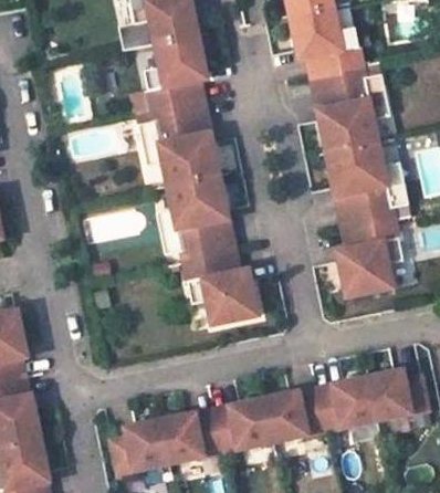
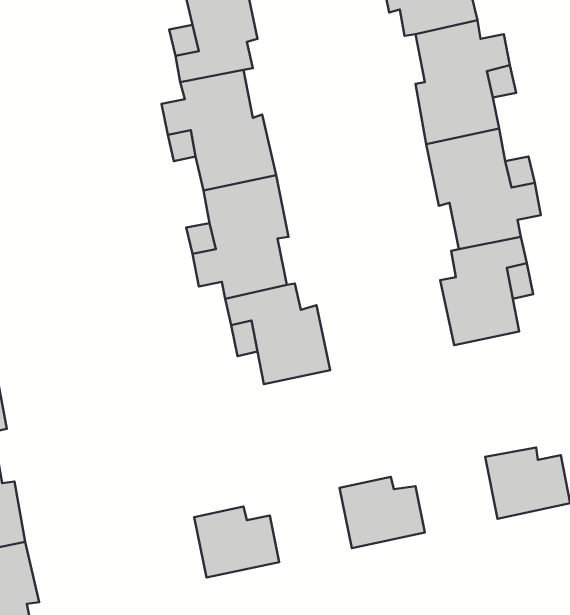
building: [319,376,378,430] -> none
building: [216,398,274,451] -> none
building: [113,419,170,473] -> none

